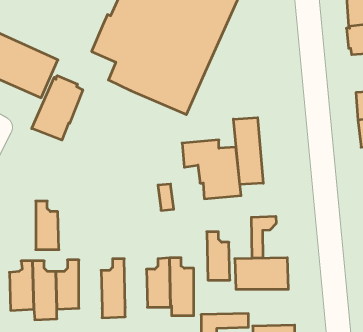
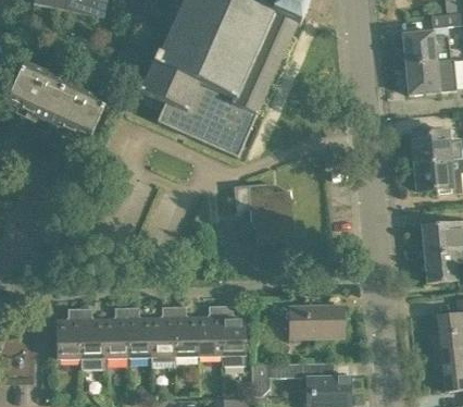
building: [32,76,83,140] -> none
building: [233,118,263,185] -> none
building: [36,201,59,250] -> [126,307,150,357]
building: [251,216,276,258] -> none
building: [207,232,230,280] -> [173,306,197,356]

